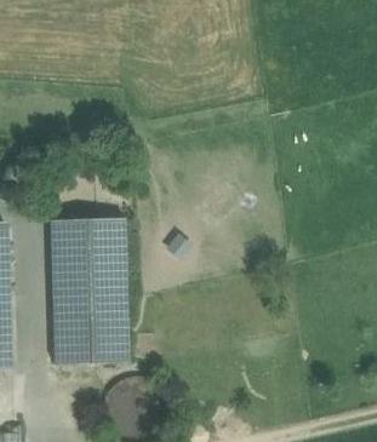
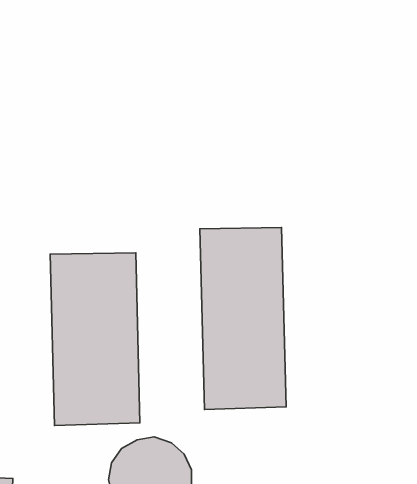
building: none -> [200,228,286,410]

